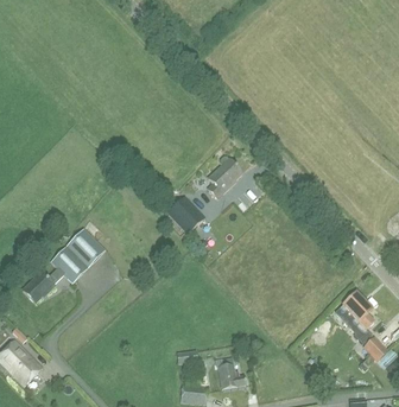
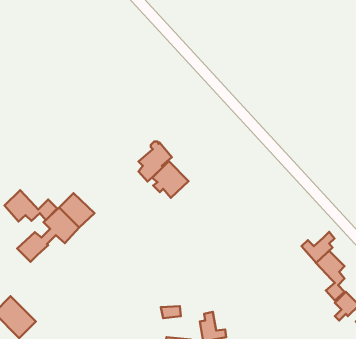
building: [207,154,242,197] -> [139,142,172,181]
building: none -> [5,190,57,221]
building: none -> [302,232,335,263]

